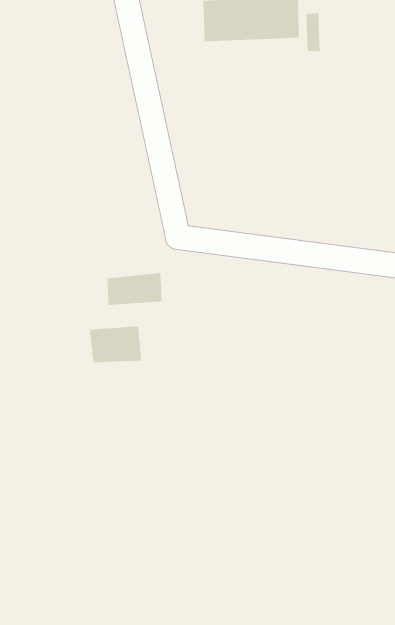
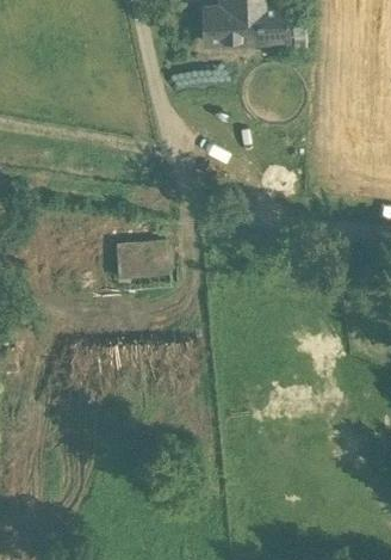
building: [90,325,142,363] -> none

